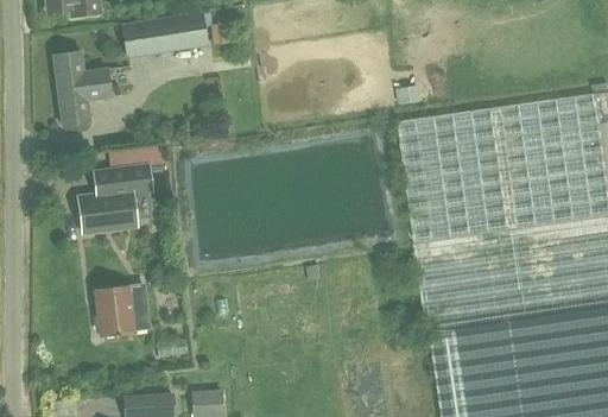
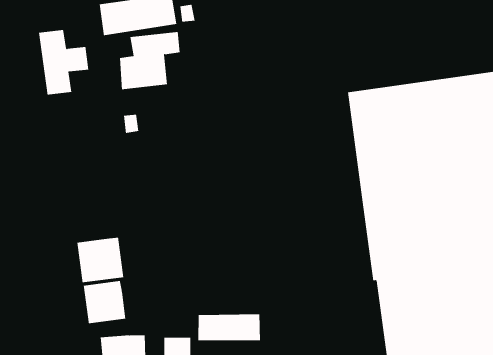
building: [82,168,151,233] -> [119,31,181,90]
building: none -> [83,280,126,324]
building: none -> [198,314,261,341]

